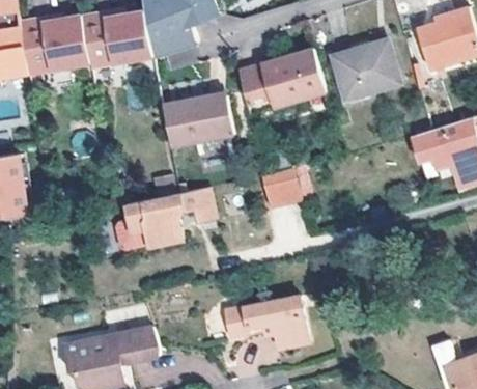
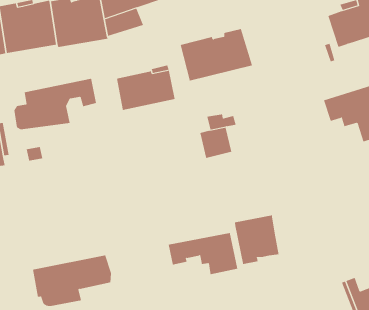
building: [334,43,400,101] -> none
building: [113,186,214,248] -> [14,78,97,130]
building: none -> [234,214,279,265]

